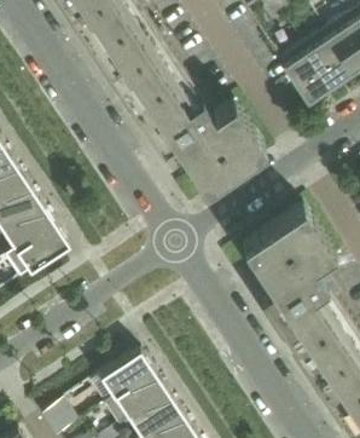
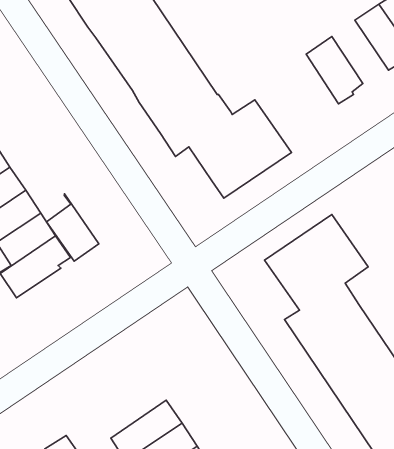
building: [302,30,353,87] -> none
building: none -> [46,194,99,261]
building: [99,352,153,405] -> none

